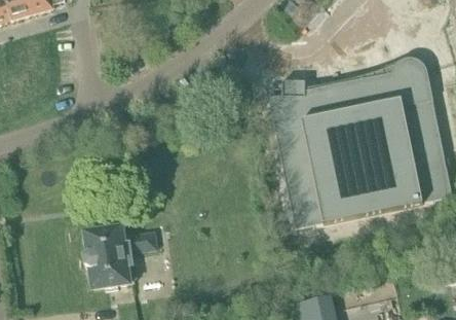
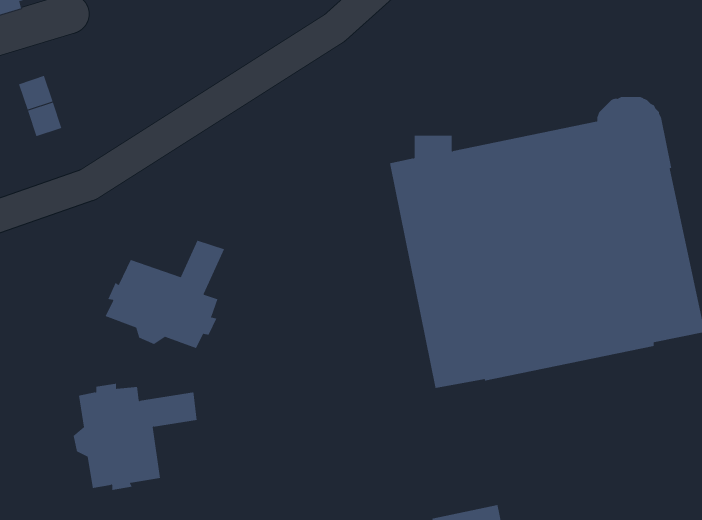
building: none -> [105,240,225,349]

